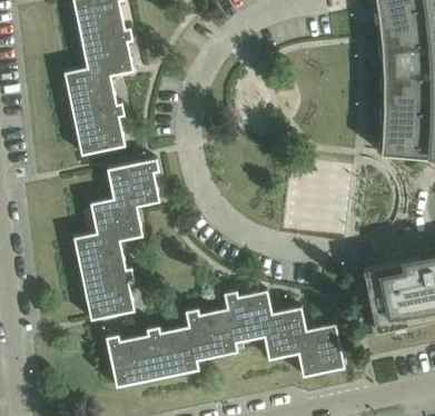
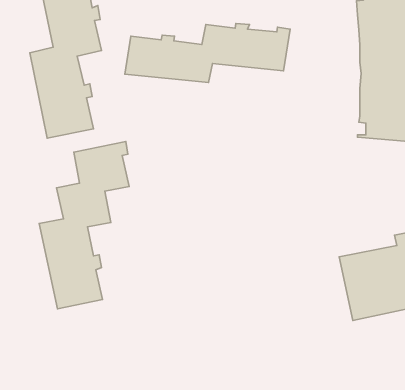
building: none -> [125,23,290,83]
building: [106,289,345,387] -> none

